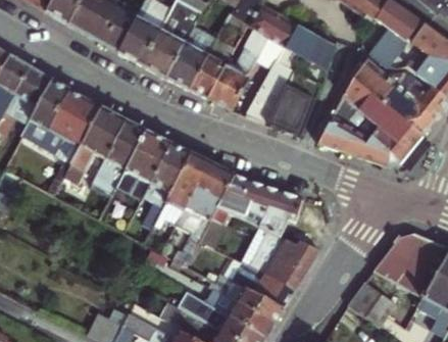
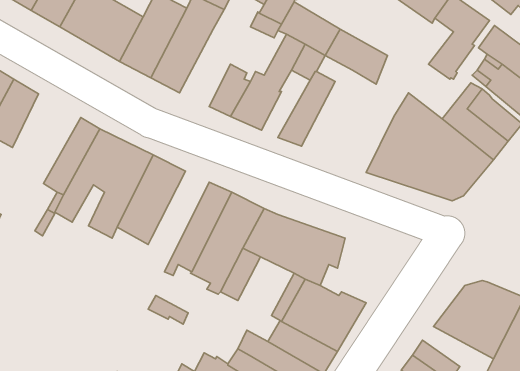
building: [165,26,215,89] -> none
building: [353,58,404,99] -> none
building: [266,68,322,137] -> none
building: [22,79,85,152] -> none
building: [143,142,190,226] -> none

